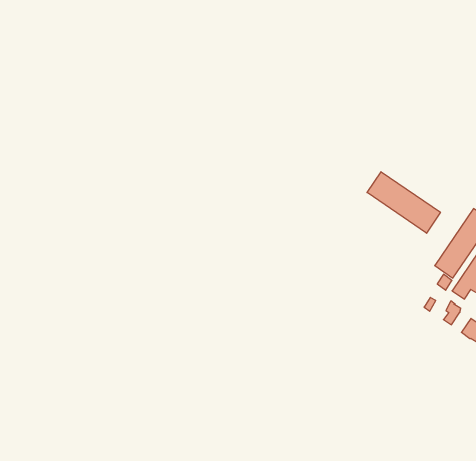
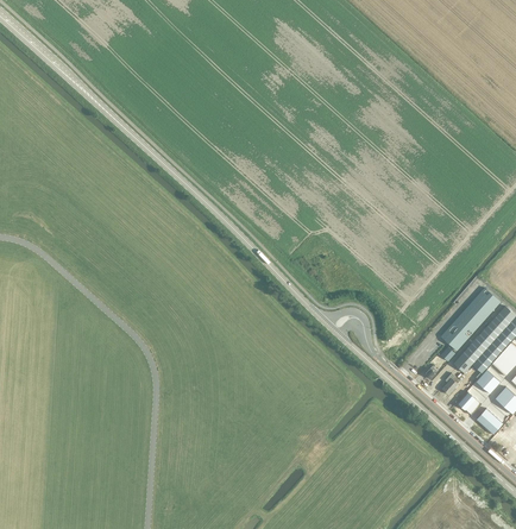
building: [367,172,440,233] -> none

